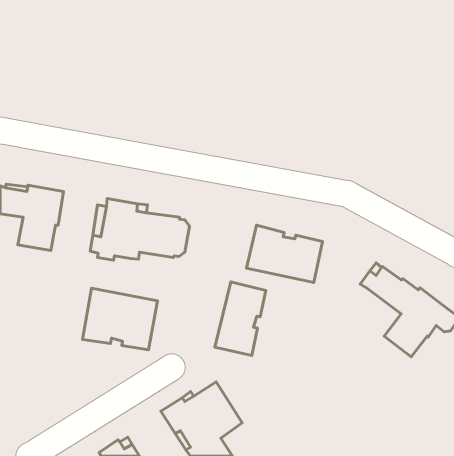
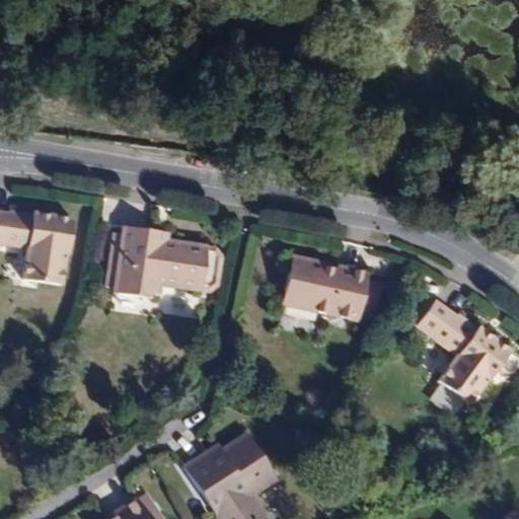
building: [215,282,266,355] -> none
building: [83,288,158,350] -> none

